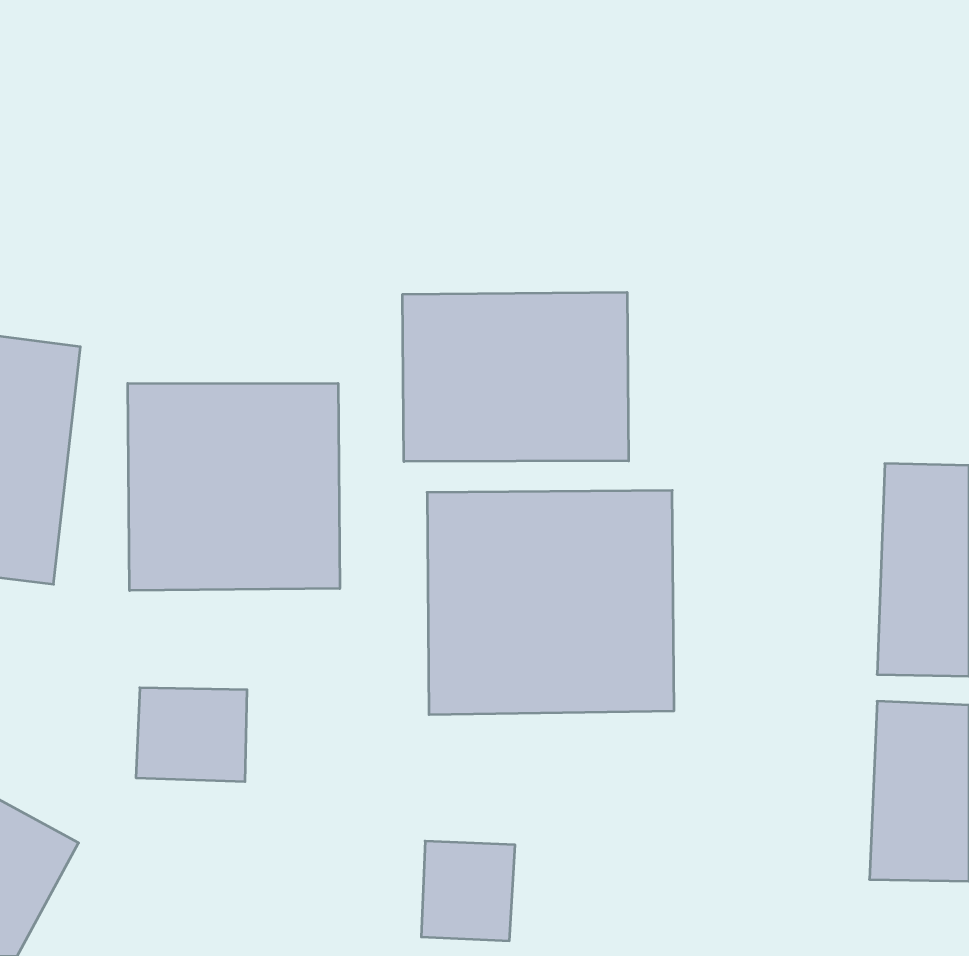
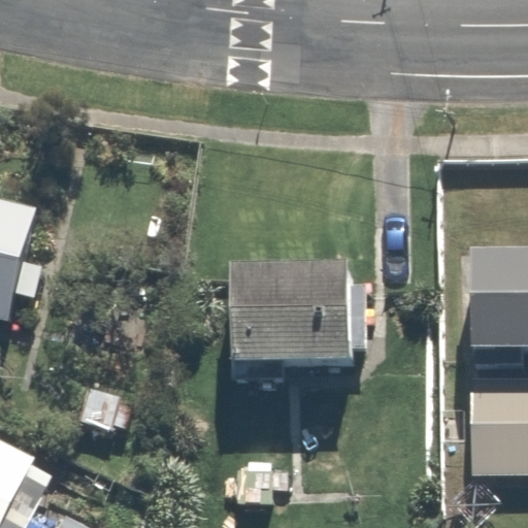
building: [403,292,629,462] -> none
building: [128,383,340,591] -> none

